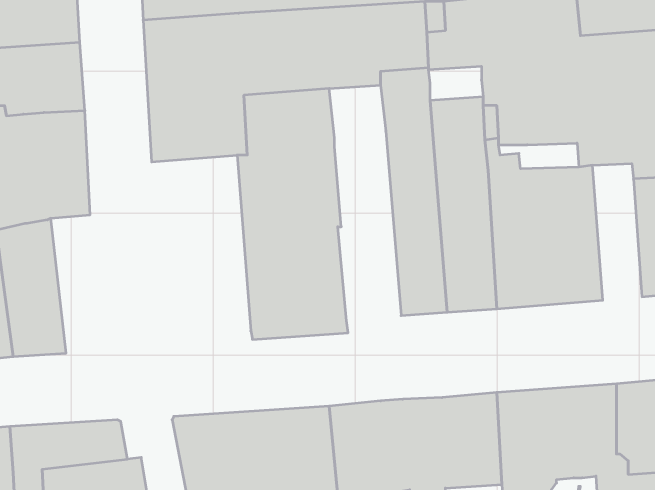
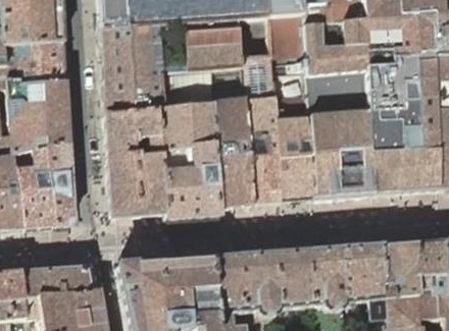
building: none -> [212,65,255,206]
building: none -> [106,107,165,216]
building: none -> [369,112,399,194]
building: none -> [46,143,73,225]

